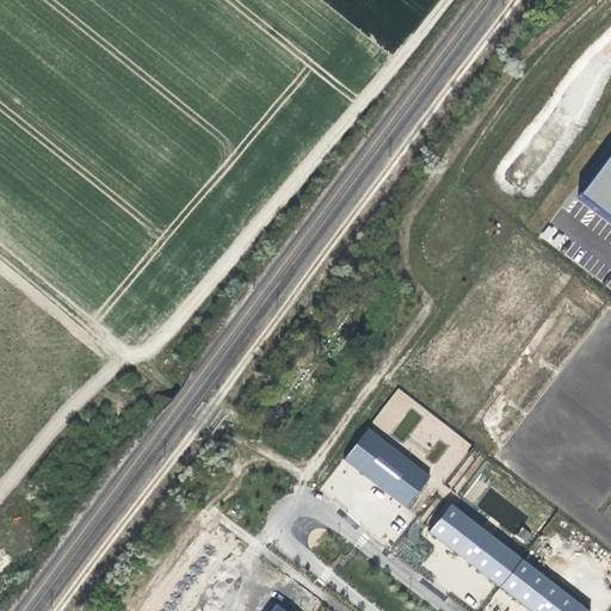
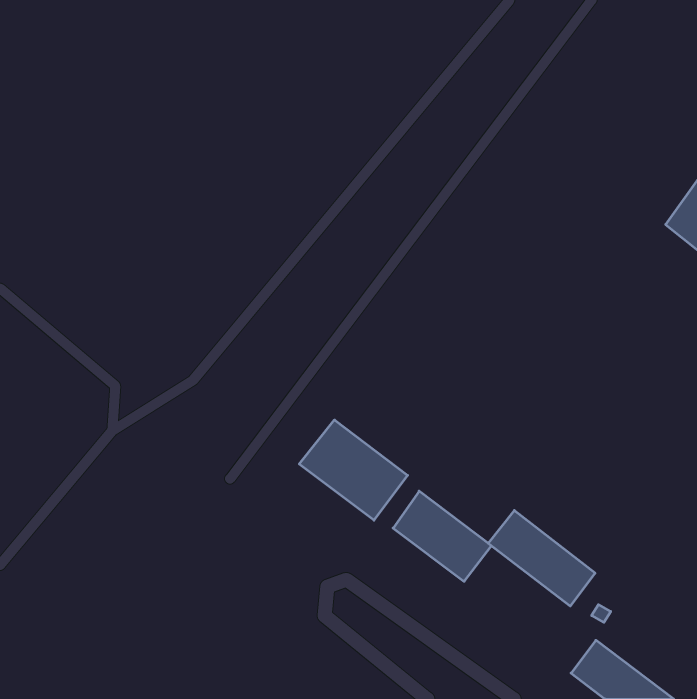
building: none -> [299,420,408,520]
building: [428,504,521,587] -> [488,510,595,606]

